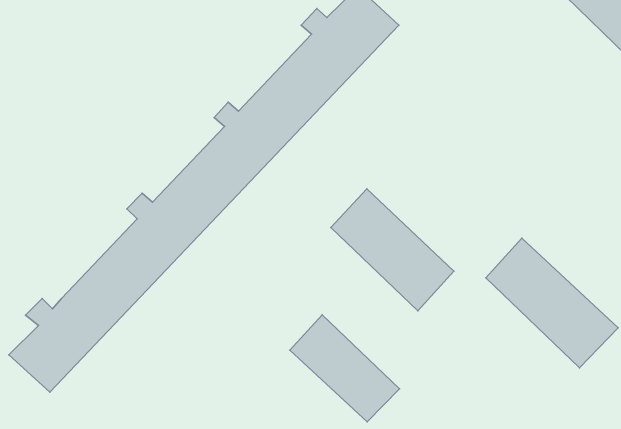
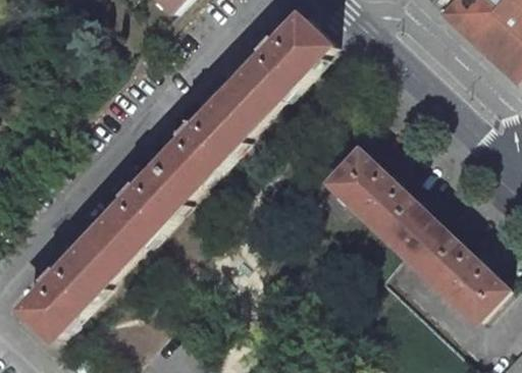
building: [331,189,454,311] -> [330,149,428,246]
building: [290,315,400,422] -> none

